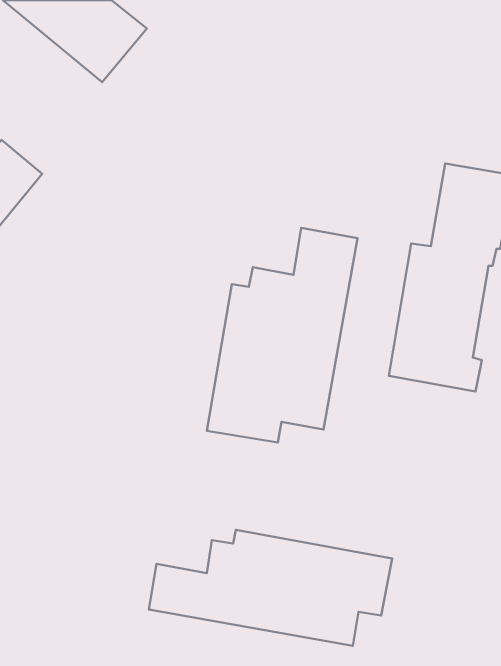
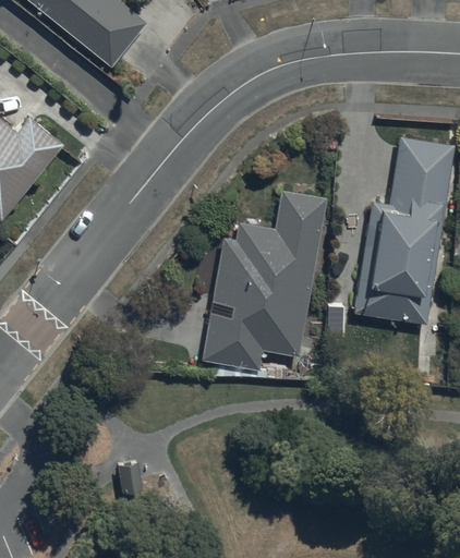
building: [149,530,392,646] -> none

